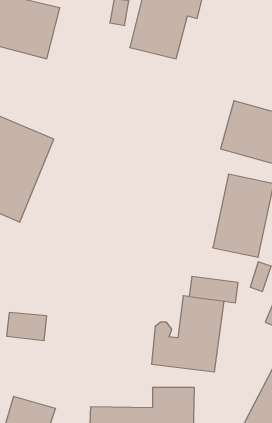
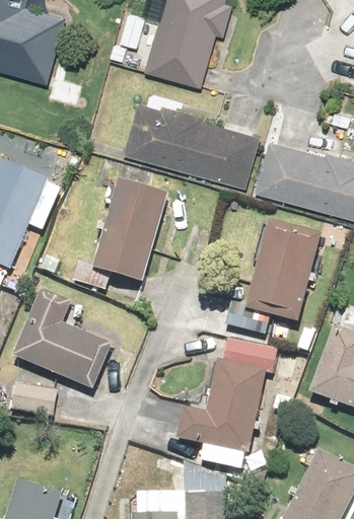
building: none -> [122,97,260,184]
building: none -> [91,179,168,282]
building: none -> [12,292,111,394]

